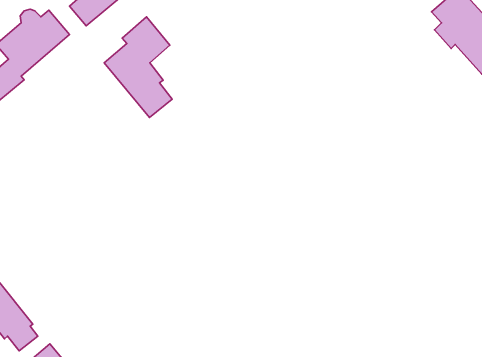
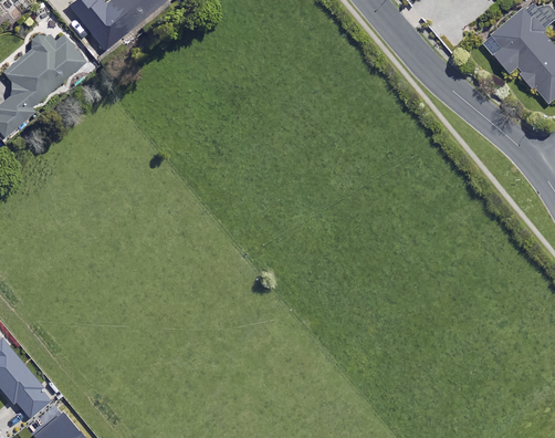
building: [104,17,172,117] -> none

